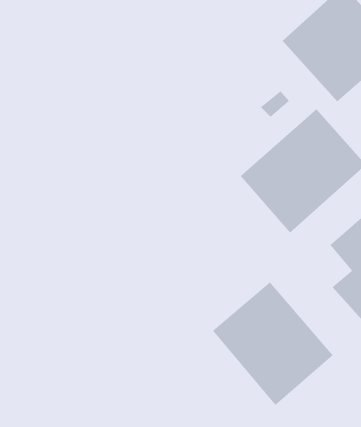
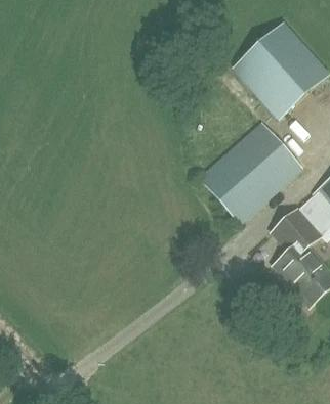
building: [212,281,333,406] -> none

